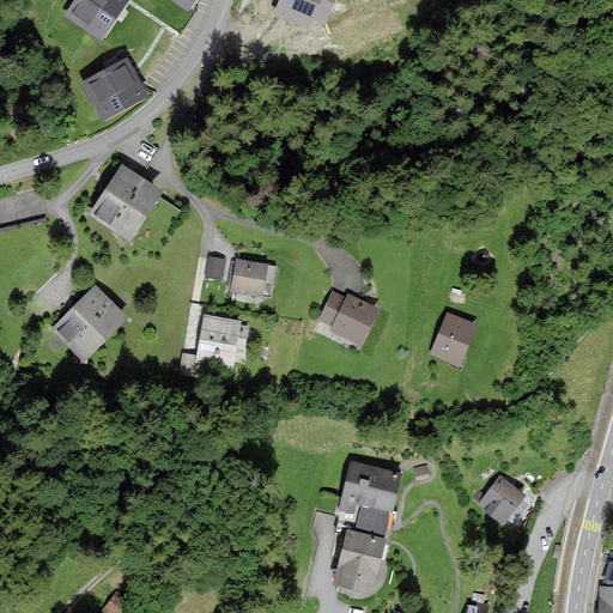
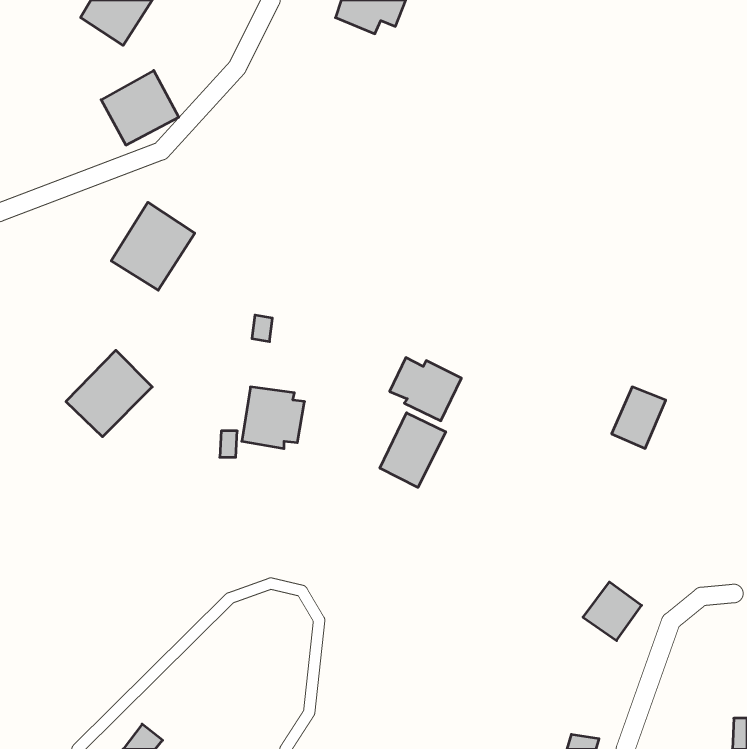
building: [231,260,266,295] -> none
building: [431,314,475,364] -> [612,387,666,448]
building: none -> [380,413,446,487]
building: [334,461,401,594] -> none

